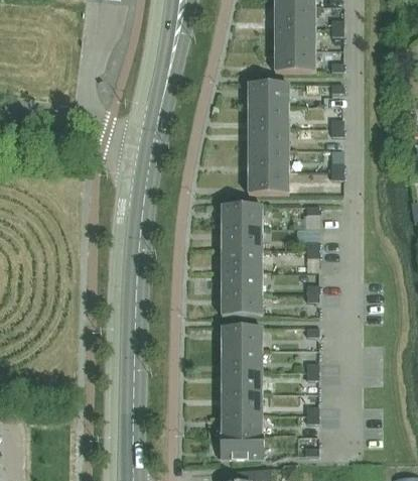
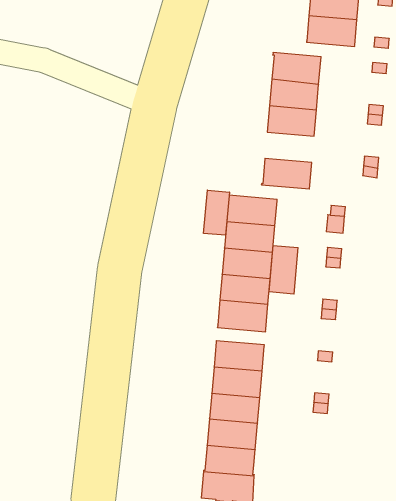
building: [248,148,287,170] -> none
building: none -> [204,190,229,235]
building: none -> [269,245,298,294]

